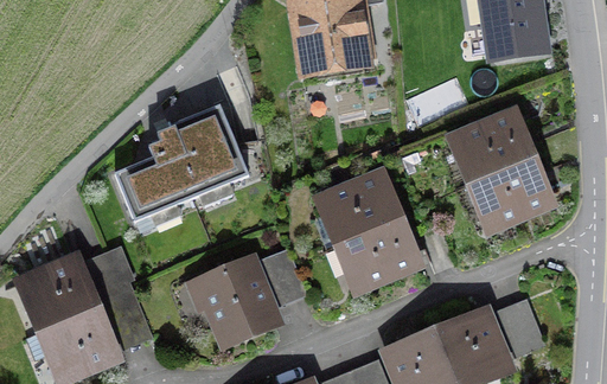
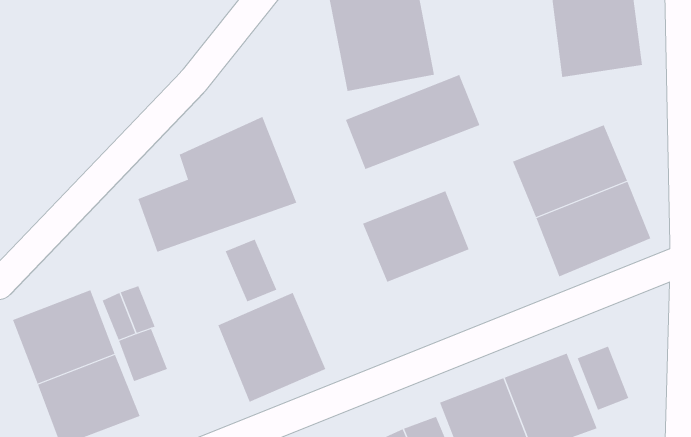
building: none -> [345,74,480,170]
building: [333,217,423,292] -> none
building: [260,249,305,303] -> [225,239,277,302]

